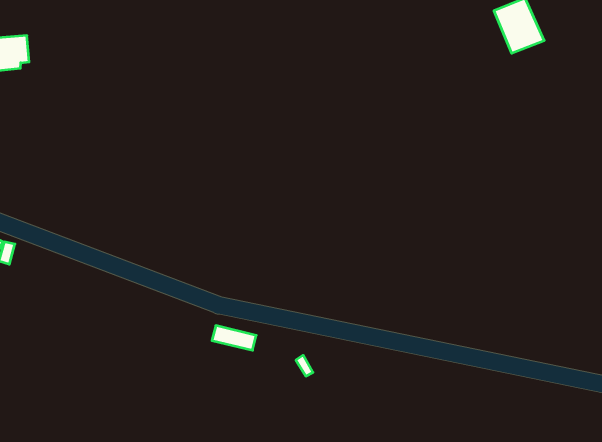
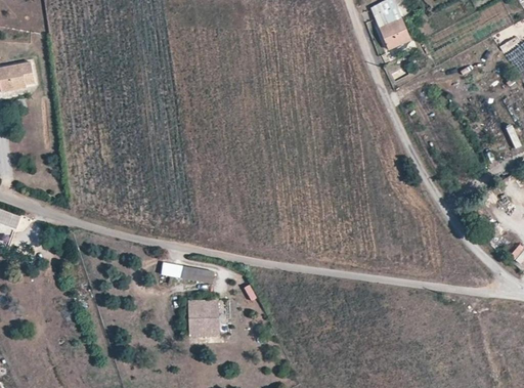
building: none -> [187,301,219,336]

